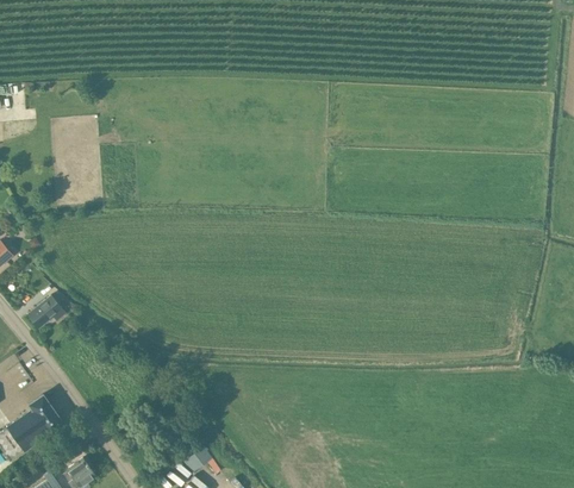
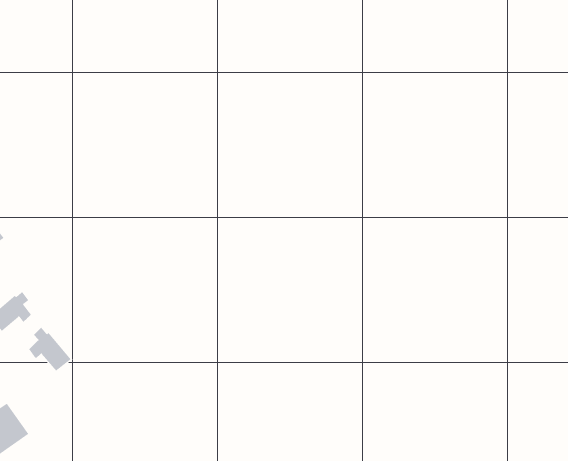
building: none -> [28,327,72,372]

